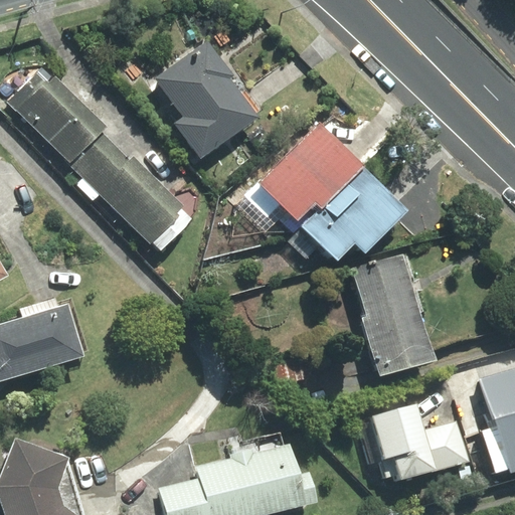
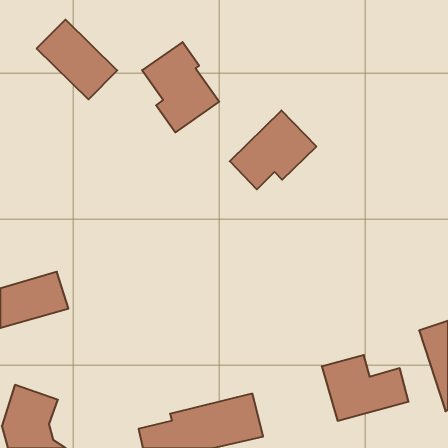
building: [11,71,104,163] -> [37,20,117,99]
building: [77,136,185,242] -> none
building: [304,169,403,259] -> none
building: [353,261,430,375] -> none

